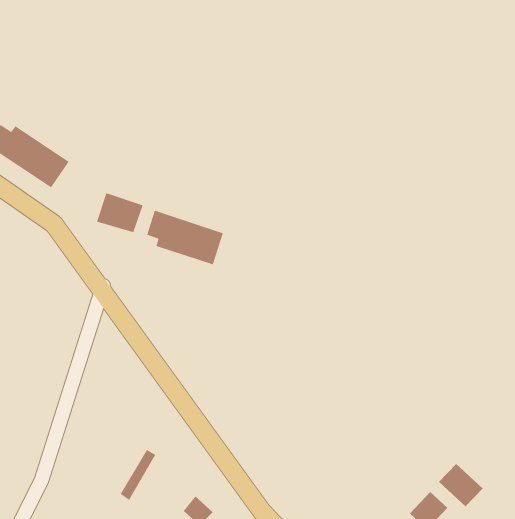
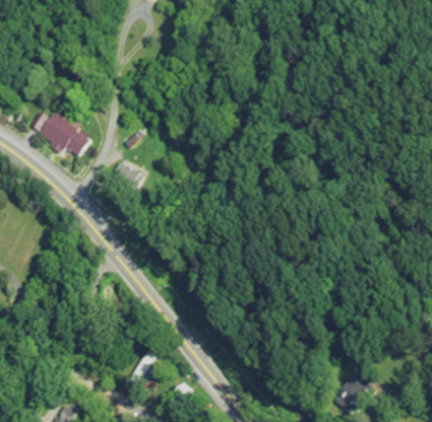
building: [146,210,223,265] -> none
building: [438,463,483,507] -> none

